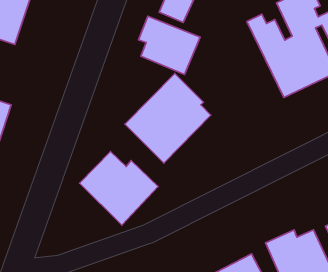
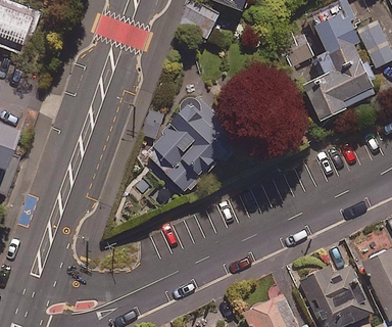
building: [138,16,200,75] -> none
building: [79,151,158,225] -> none

